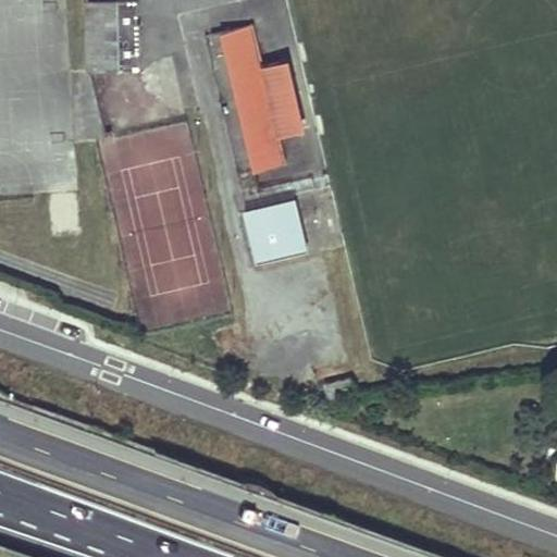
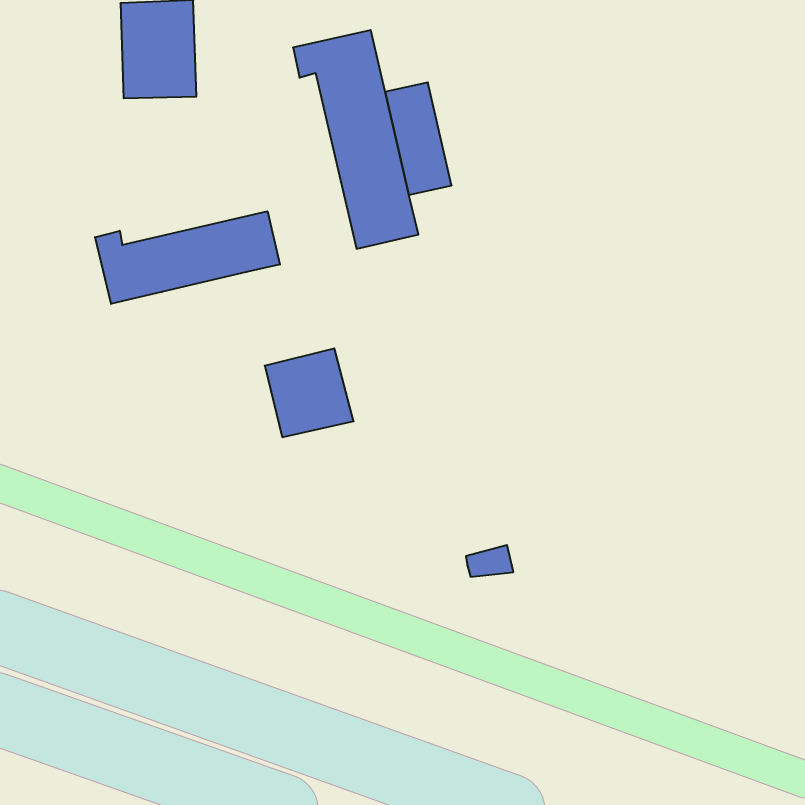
building: none -> [95,211,280,304]
building: [244,201,305,262] -> [265,348,354,437]

